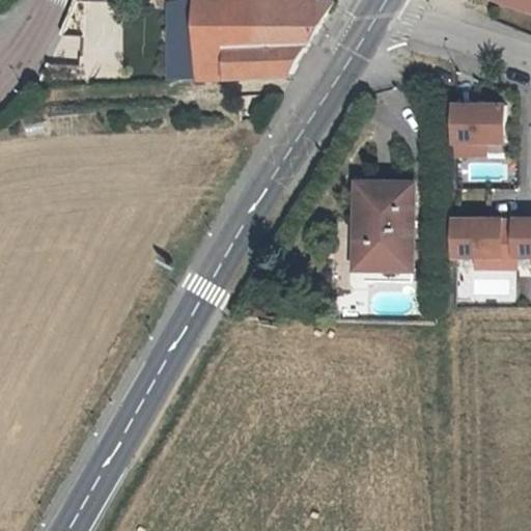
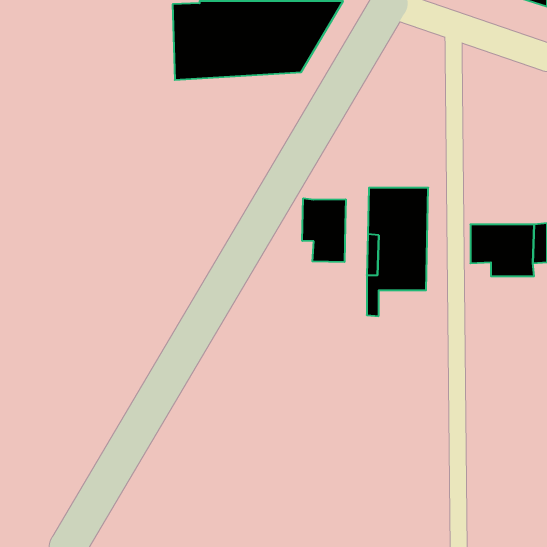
building: [452,103,502,155] -> none
building: none -> [302,198,346,262]

